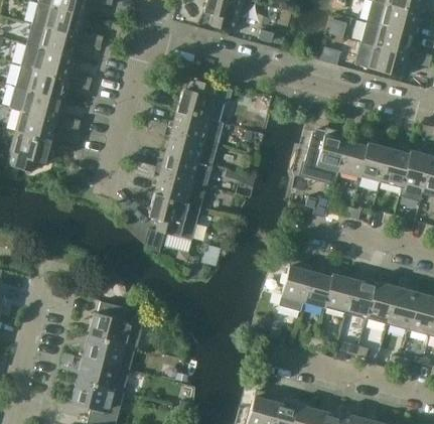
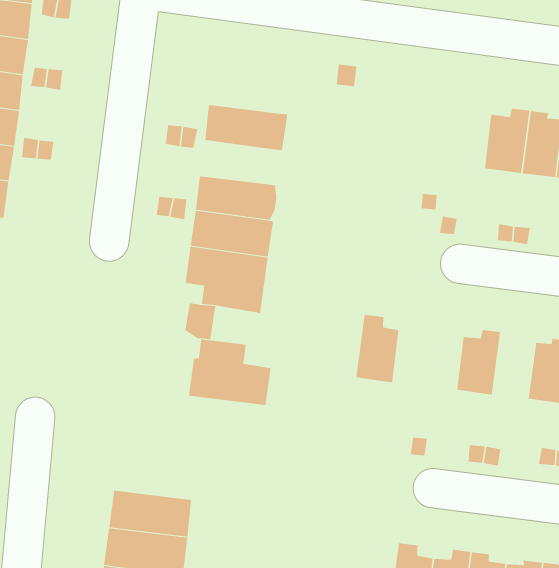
building: [176,81,233,122] -> none
building: [301,128,345,183] -> none
building: [165,132,215,165] -> none
building: [281,259,311,302] -> [355,315,399,383]
building: [324,271,354,313] -> none
building: [89,302,141,347] -> [188,339,271,406]

